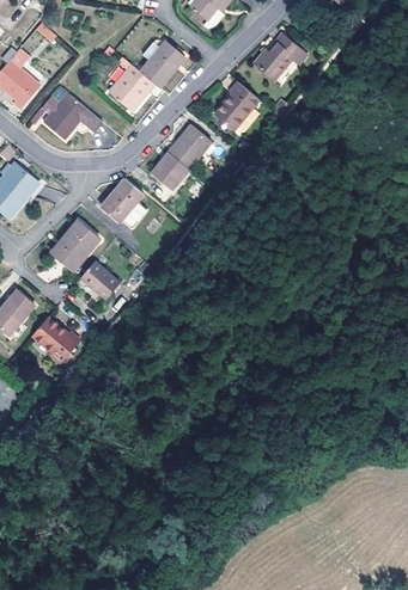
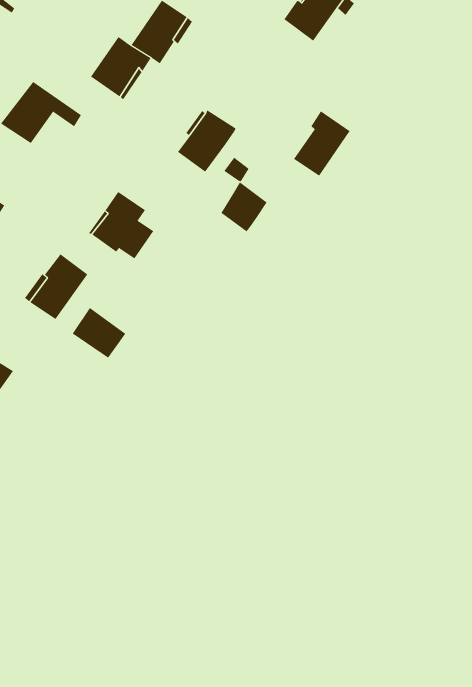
building: [215,82,258,130] -> [293,111,350,177]
building: [152,153,187,190] -> [220,182,267,232]
building: [32,316,80,362] -> none

